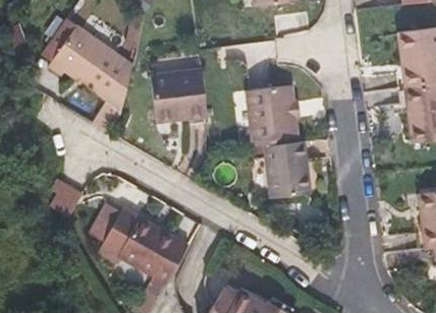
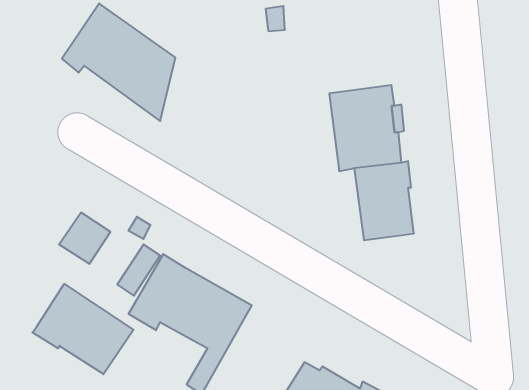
building: [150,68,208,122] -> none
building: none -> [32,284,133,374]

